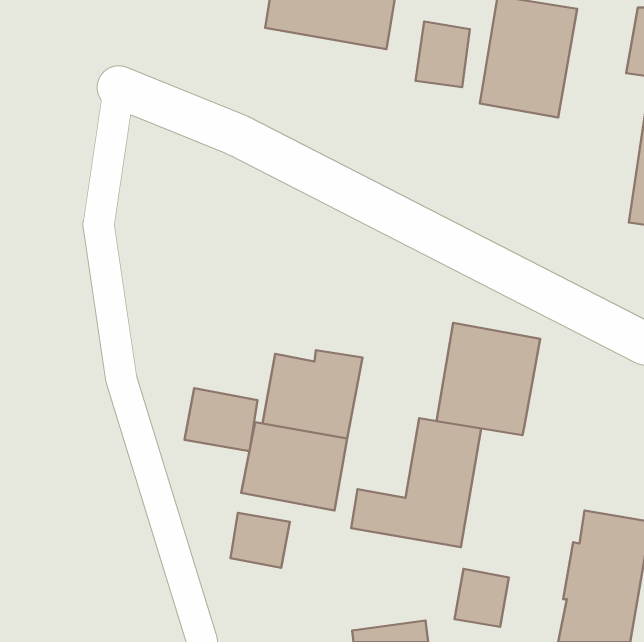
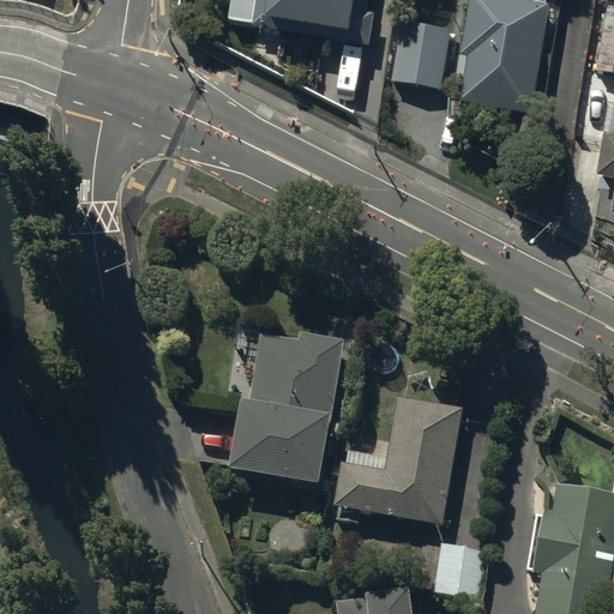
building: [437,323,540,435] -> none
building: [184,388,257,451] -> none
building: [231,513,290,568] -> none

